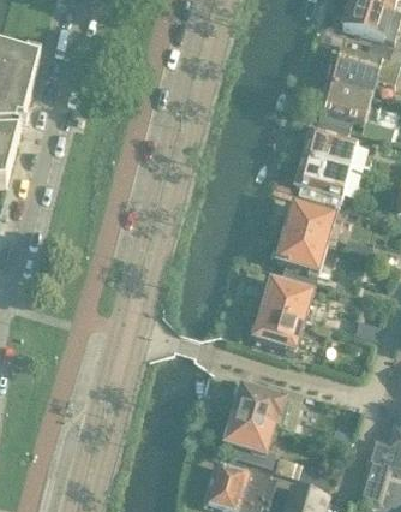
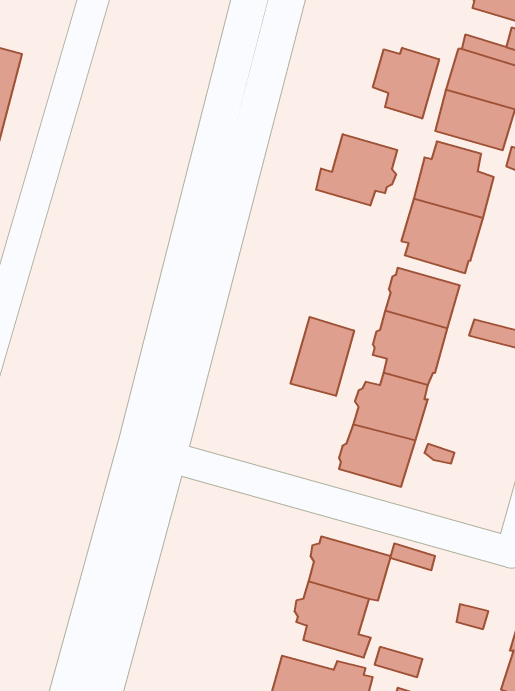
building: none -> [373,48,439,119]
building: none -> [316,134,397,206]
building: none -> [291,317,354,396]

